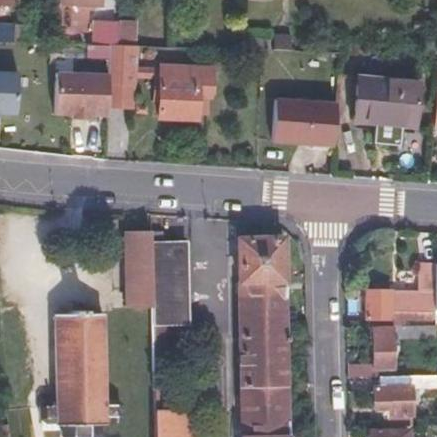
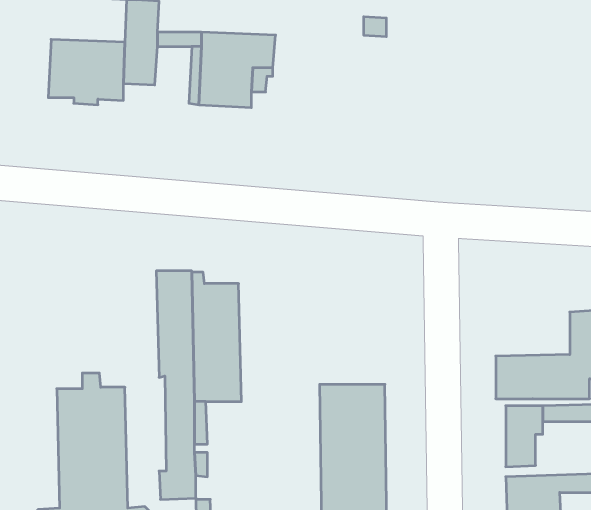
building: [356,76,416,121] -> none
building: [272,102,338,146] -> none
building: [242,243,289,314] -> none

